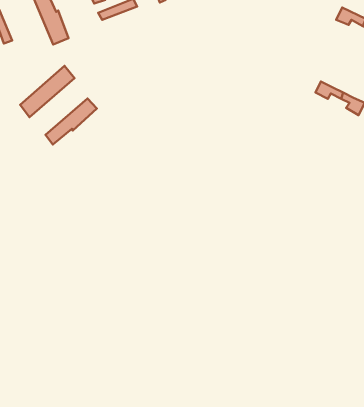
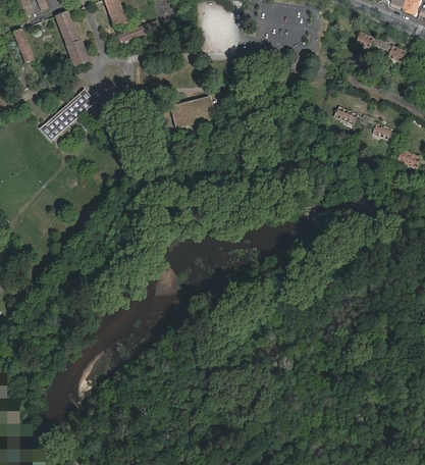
building: none -> [170,95,216,128]
building: [45,98,97,145] -> none

